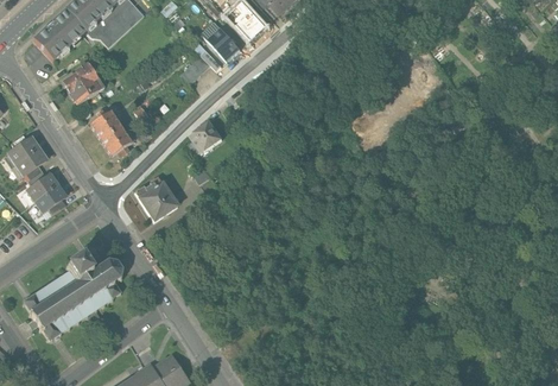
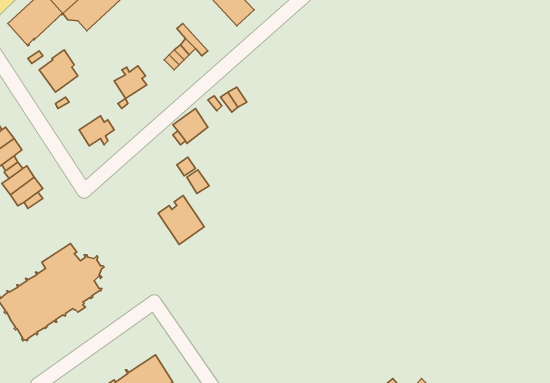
building: [208,27,240,61] -> none
building: [89,109,120,140] -> [114,66,147,98]
building: [132,176,176,222] -> [158,196,204,244]

